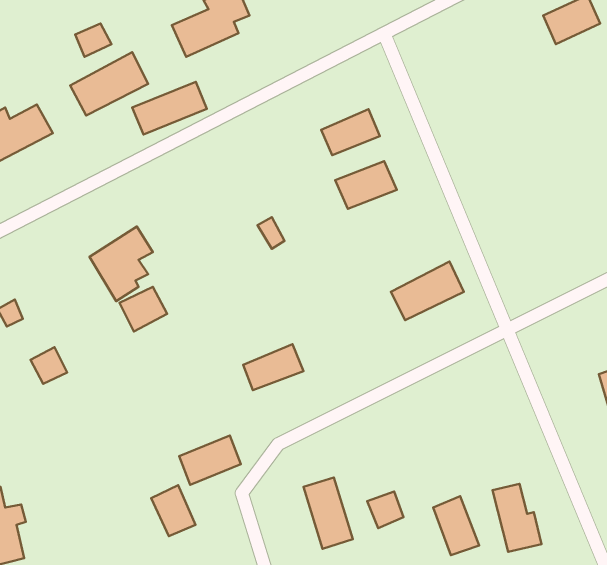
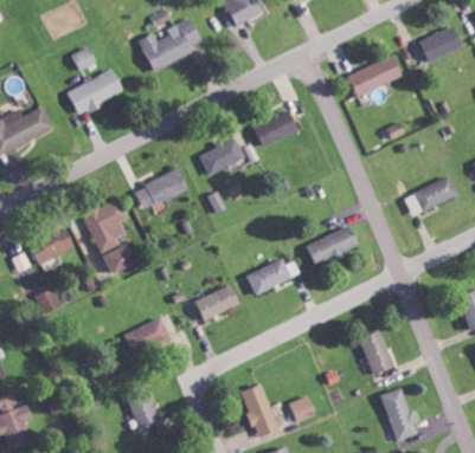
building: none -> [347,56,403,96]
building: [132,82,207,134] -> [134,169,190,208]
building: [335,161,397,209] -> [198,138,244,174]
building: none -> [403,176,458,215]
building: none -> [32,228,77,264]
building: none -> [245,255,296,295]
building: [179,436,241,485] -> [124,317,171,354]
building: [433,496,479,555] -> [359,331,393,375]

